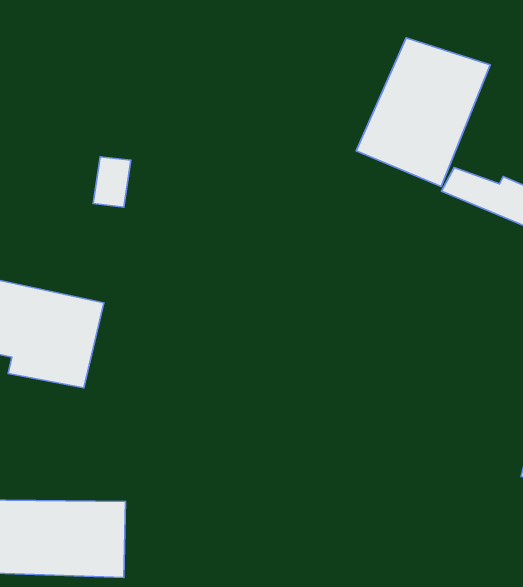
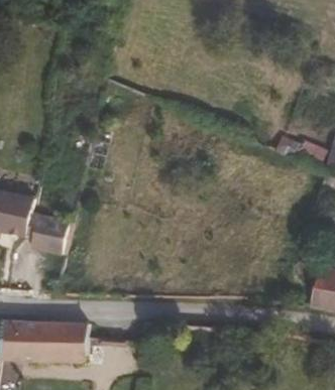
building: [356,38,490,187] -> none

